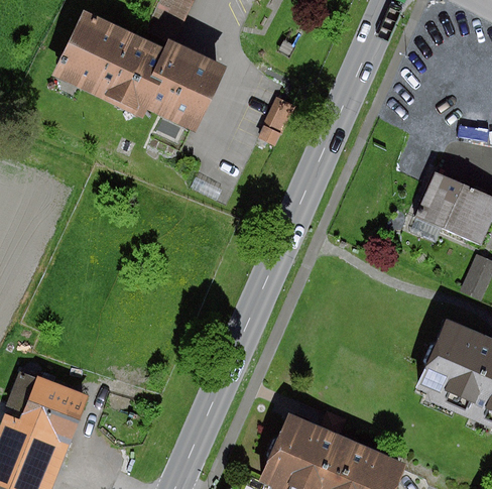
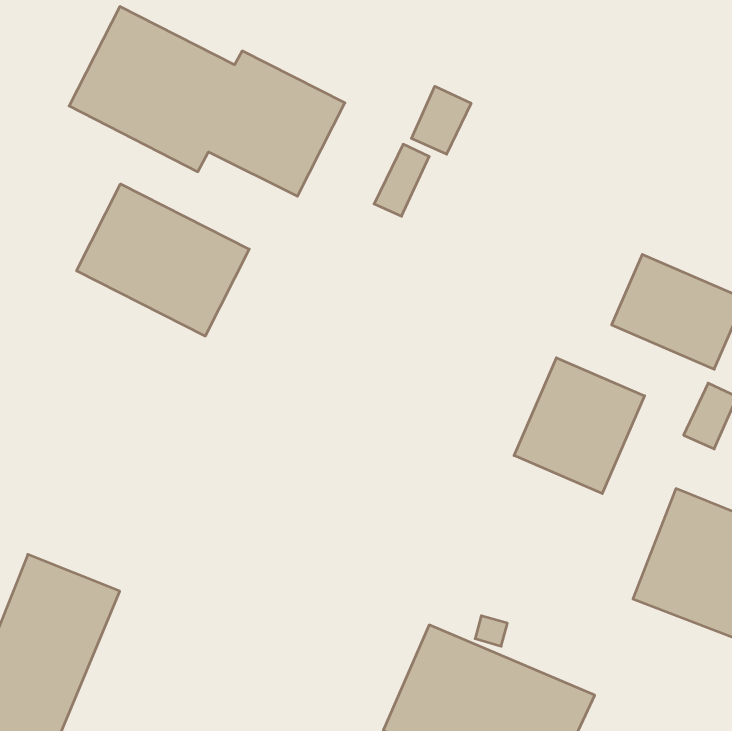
building: none -> [411,86,471,154]
building: none -> [77,184,249,336]
building: none -> [514,358,645,494]

